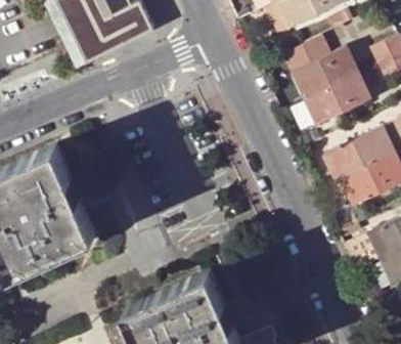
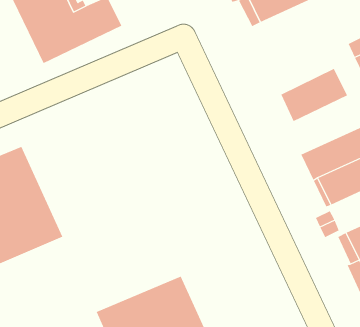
building: [283,32,357,96] -> none

